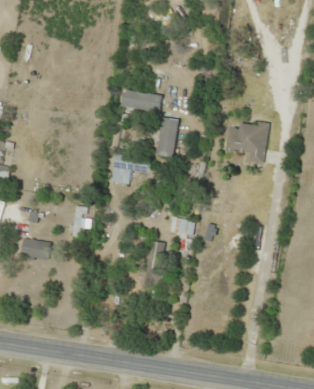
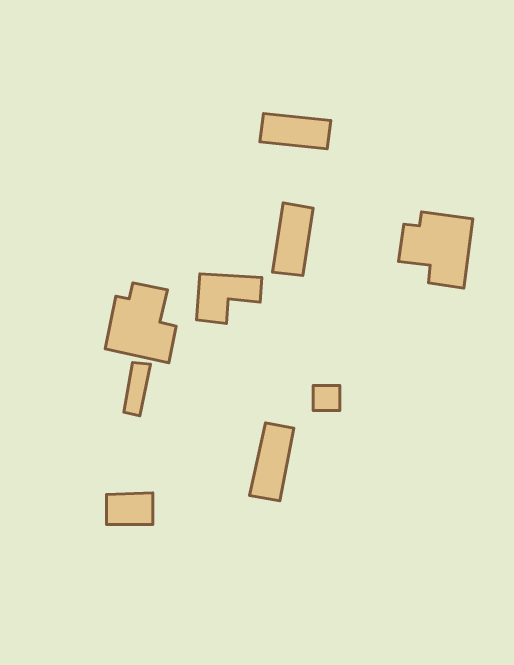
building: [121,90,161,110] -> [260,113,331,149]
building: none -> [105,283,176,363]
building: [22,239,48,257] -> [107,493,153,525]

